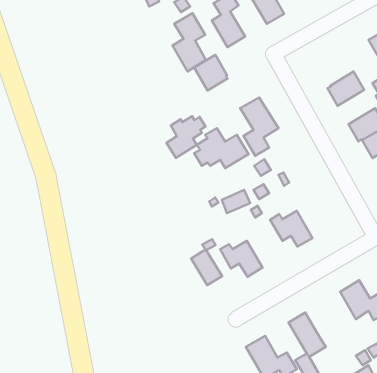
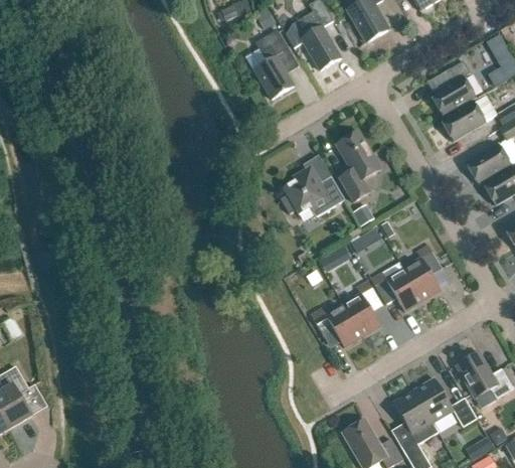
building: none -> [431,60,475,117]
building: [194,55,228,91] -> none
building: [167,116,205,158] -> none
building: none -> [403,245,443,301]
building: [191,239,222,285] -> [343,281,380,336]
building: none -> [413,377,477,427]

